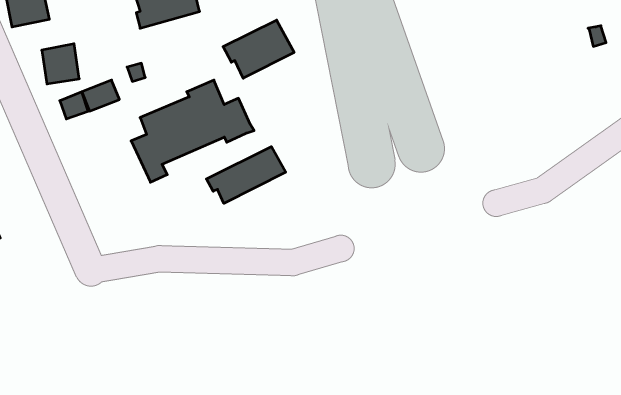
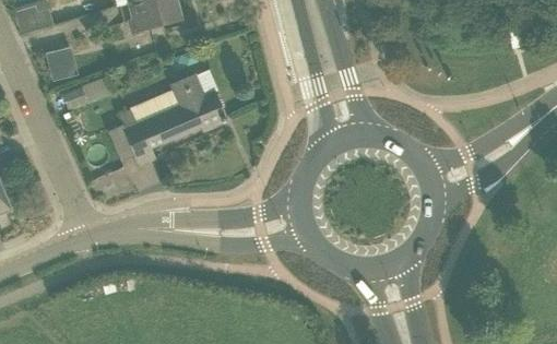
building: [223,20,294,78] -> none
building: [206,147,286,203] -> none

